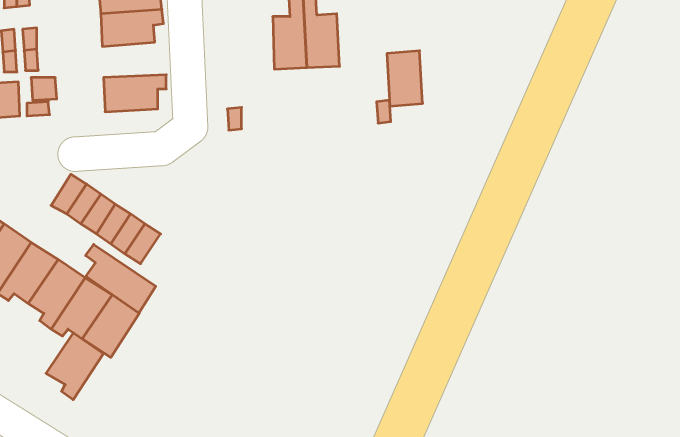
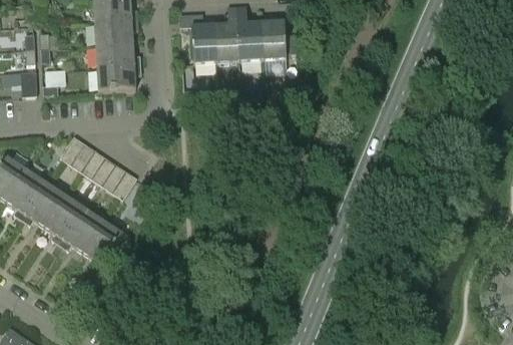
building: none -> [190,23,216,62]
building: none -> [95,41,140,66]
building: [387,51,423,106] -> [261,19,286,58]
building: [86,244,156,313] -> none
building: [46,333,104,400] -> none

